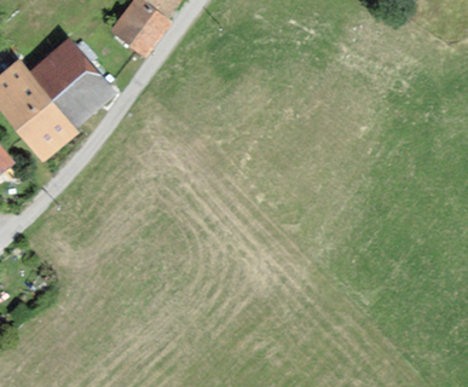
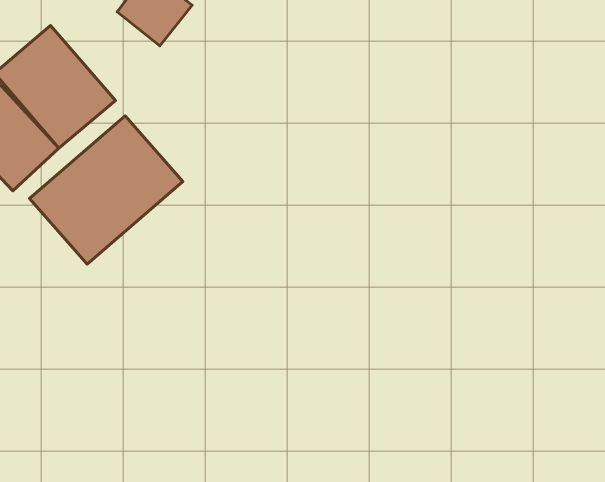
building: none -> [29,116,183,264]

